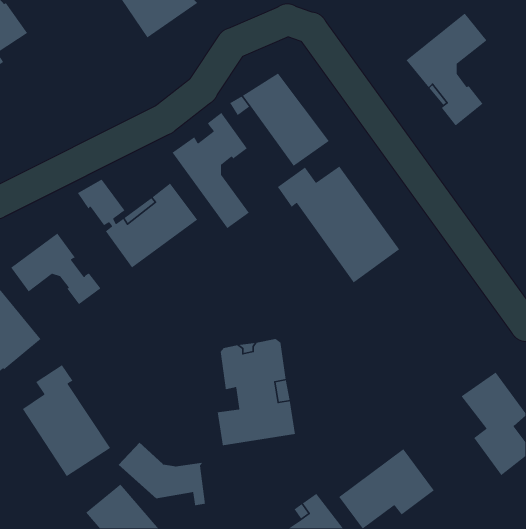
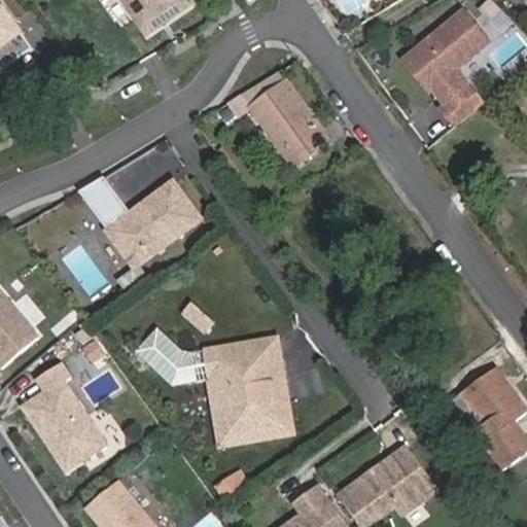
building: [172,112,250,229] -> none
building: [277,165,400,283] -> none
building: [10,233,101,305] -> none
building: [118,442,206,506] -> [136,325,223,389]

